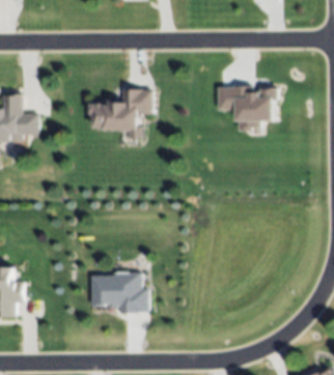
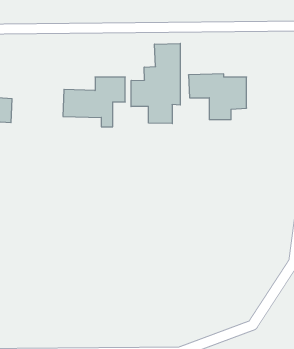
building: none -> [131,43,180,124]
building: [90,273,147,313] -> none

